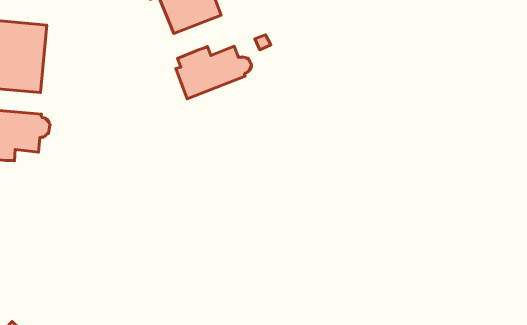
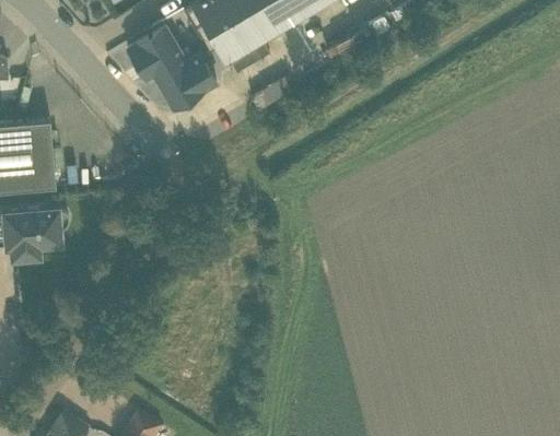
building: [176,46,252,99] -> none

